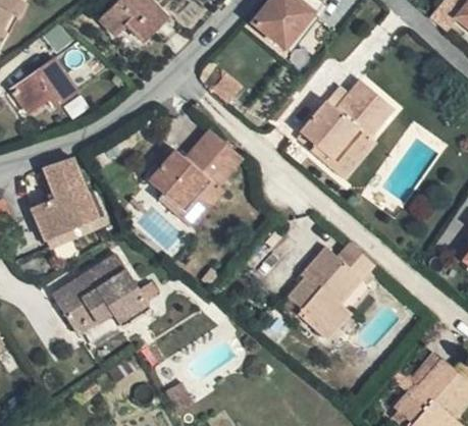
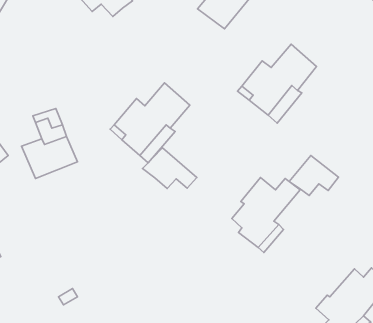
building: [12,55,77,107] -> none
building: none -> [143,148,197,188]
building: none -> [289,156,339,195]
building: [50,255,151,335] -> none

